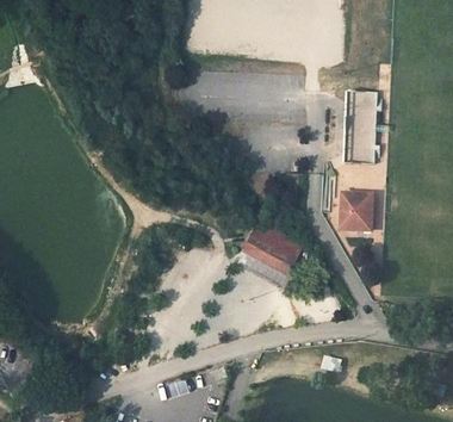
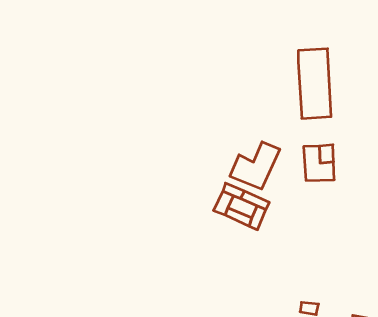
building: none -> [230,142,280,189]

